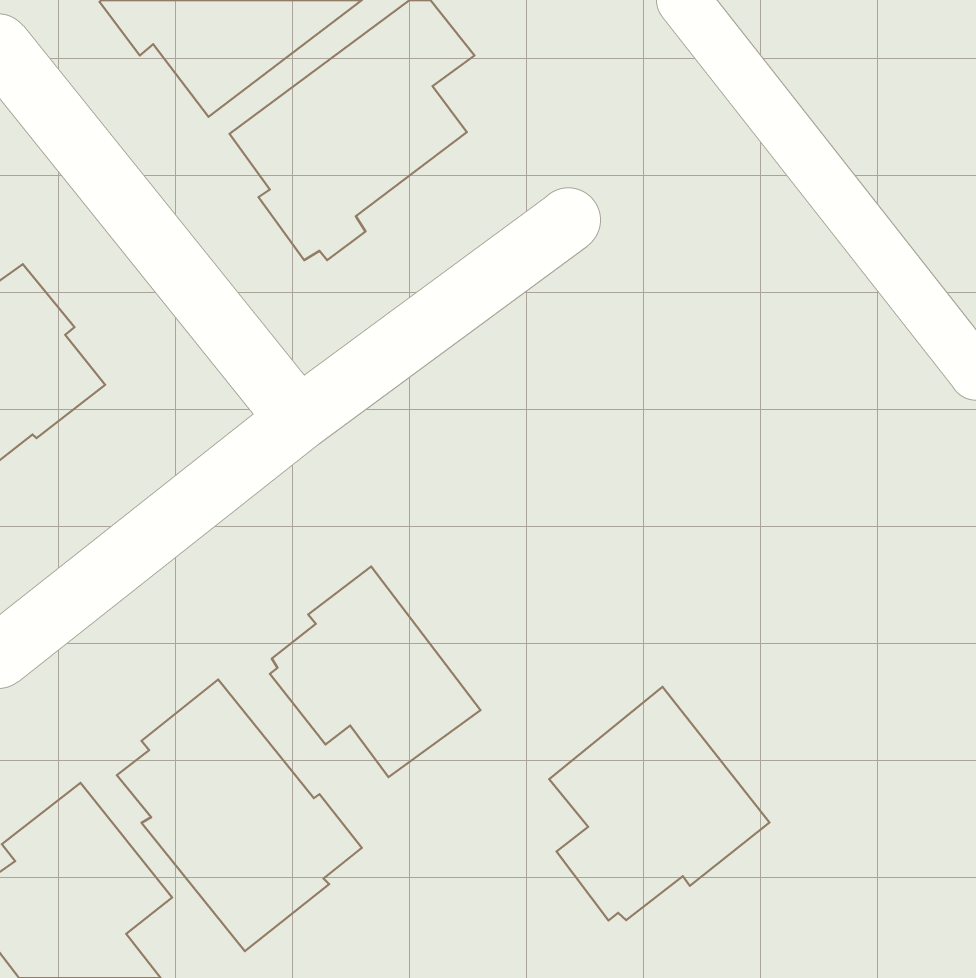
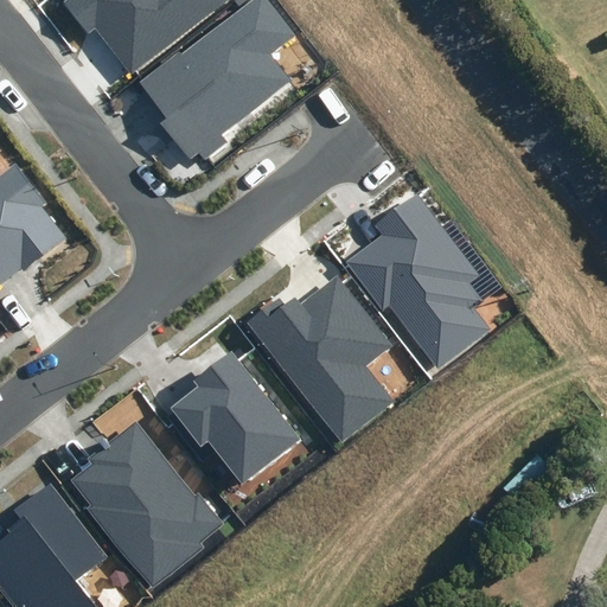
building: none -> [344,193,488,368]
building: none -> [248,275,394,441]
building: [549,687,770,920] -> none

